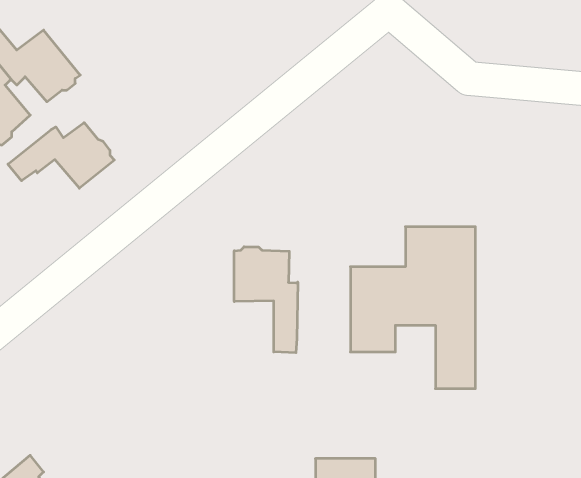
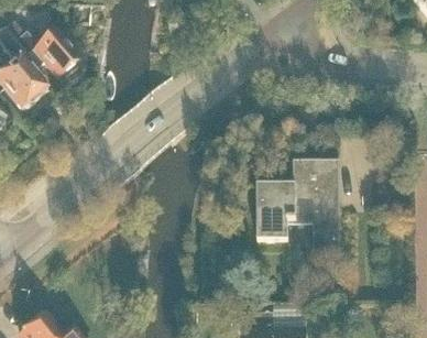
building: [8,123,114,188] -> none
building: [234,247,298,353] -> none

